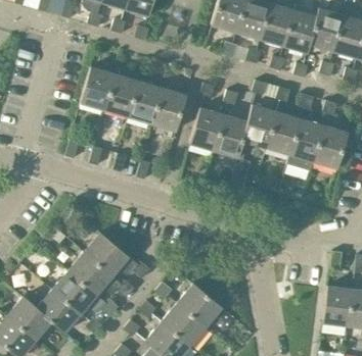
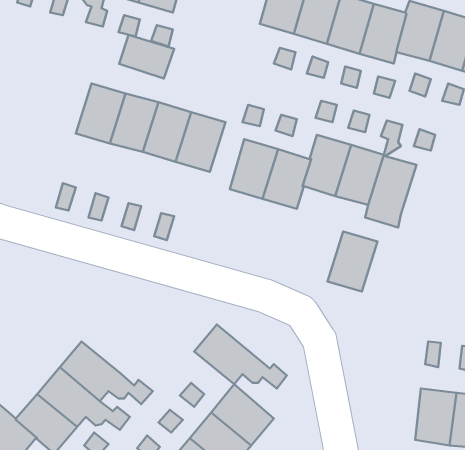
building: none -> [119,35,174,78]
building: [313,125,349,168] -> [328,232,378,291]
building: [84,233,150,278] -> [194,324,287,388]

